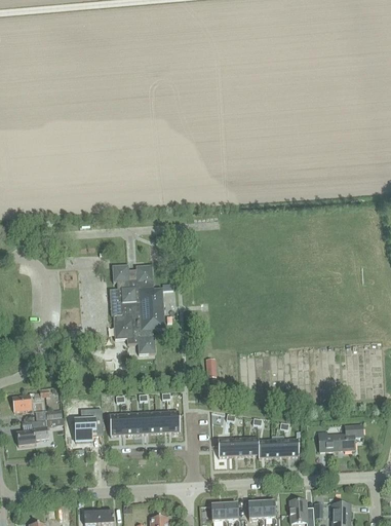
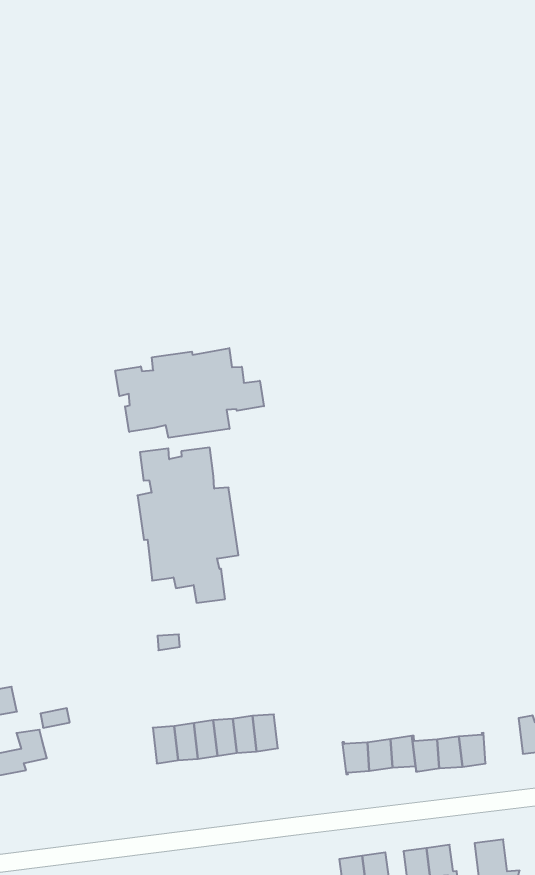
building: none -> [115,348,264,438]
building: [75,408,103,441] -> none

